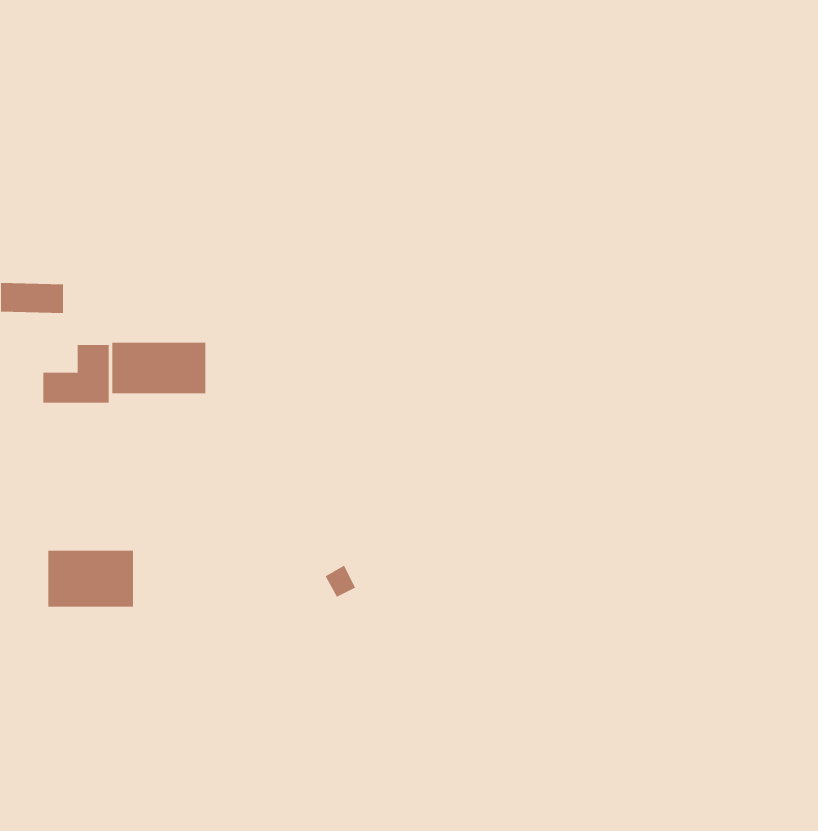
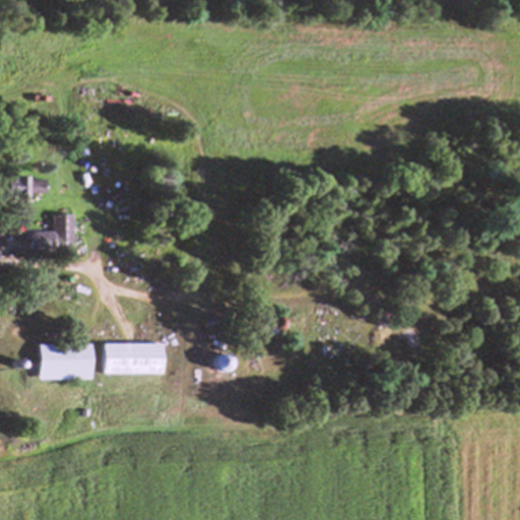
building: [112,342,206,394] -> none
building: none -> [104,342,162,373]

